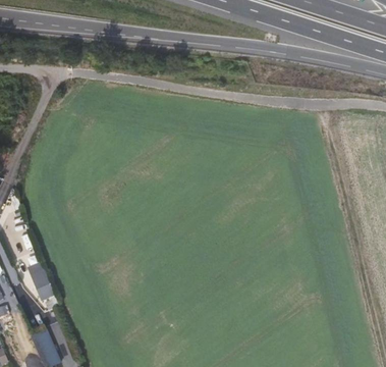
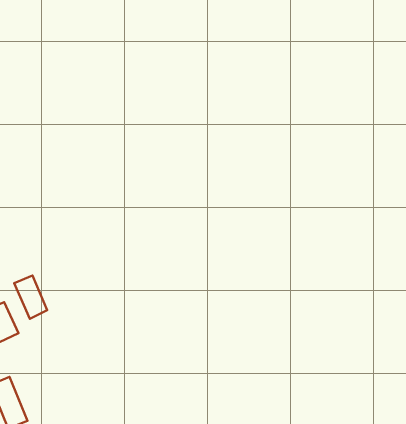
building: none -> [14,276,47,319]

